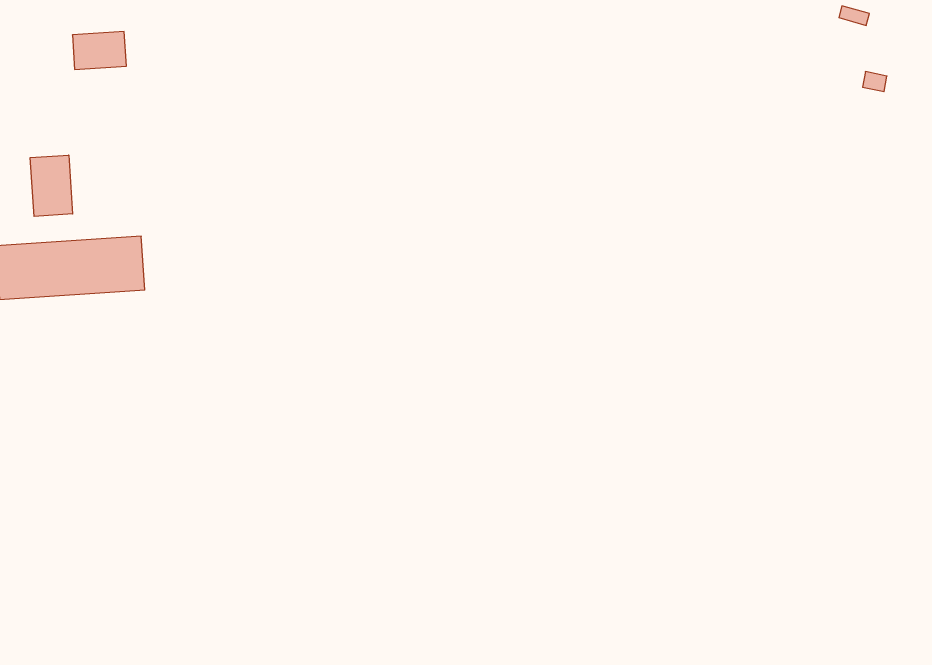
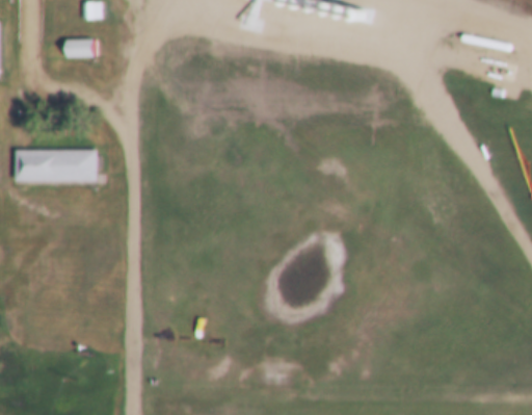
building: [30,155,73,216] -> none

